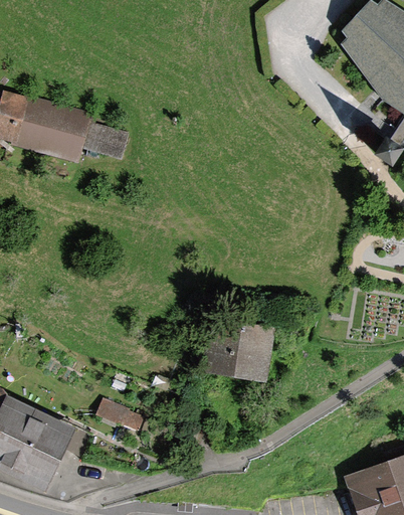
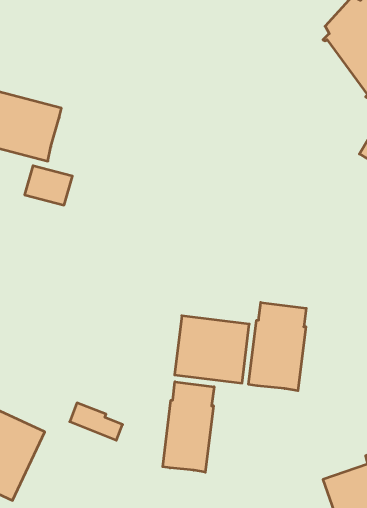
building: [82,123,129,161] -> [25,166,72,205]
building: none -> [249,302,306,391]
building: none -> [163,382,214,472]

